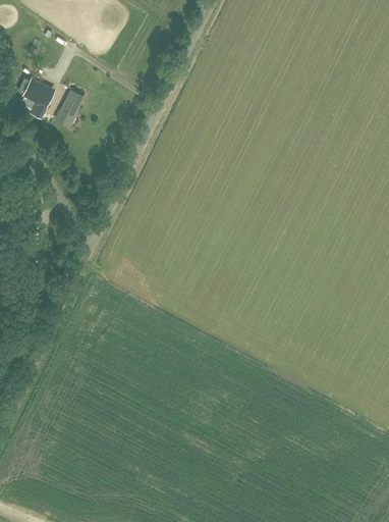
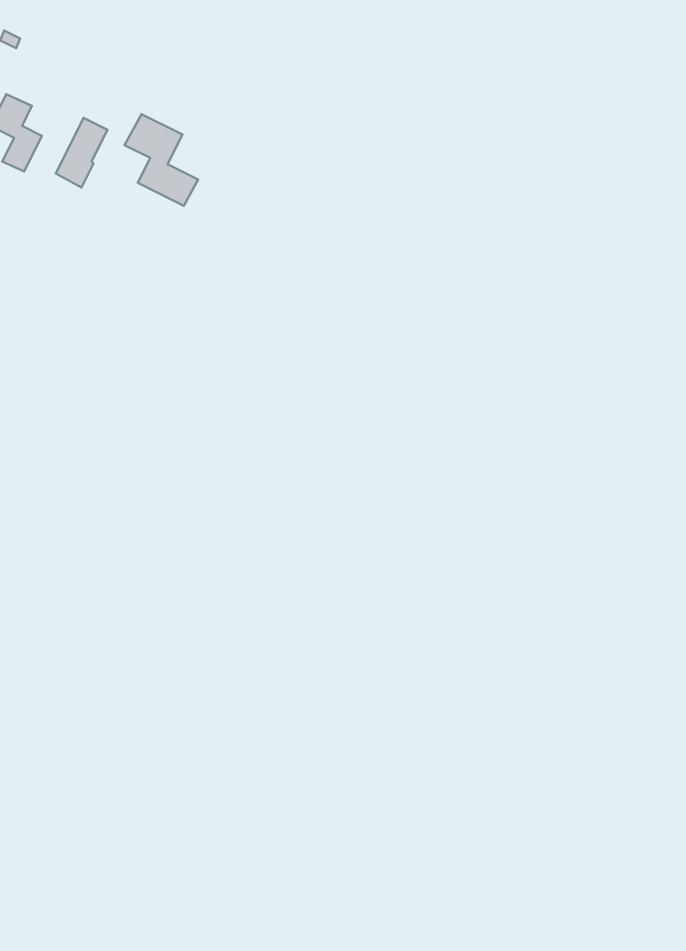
building: none -> [125,114,198,206]

